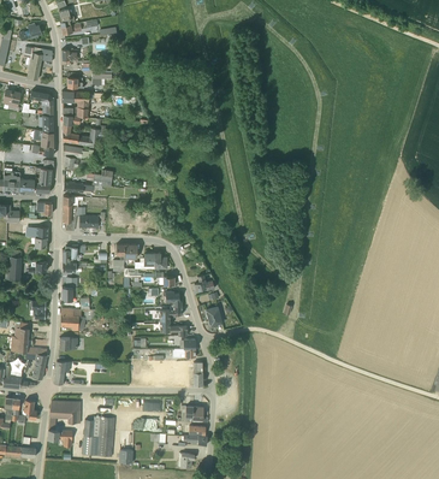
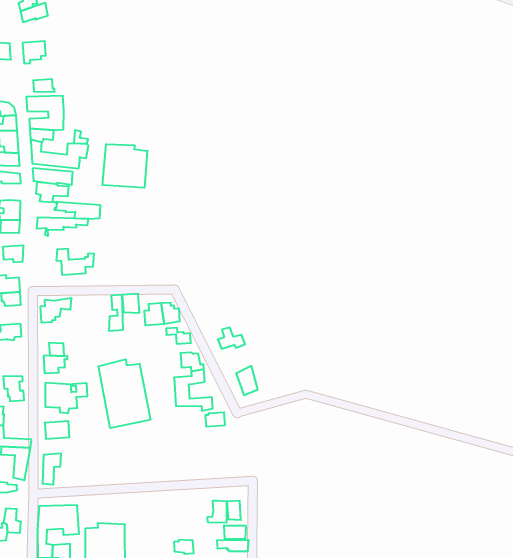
building: none -> [103,144,147,188]
building: none -> [98,359,150,428]

